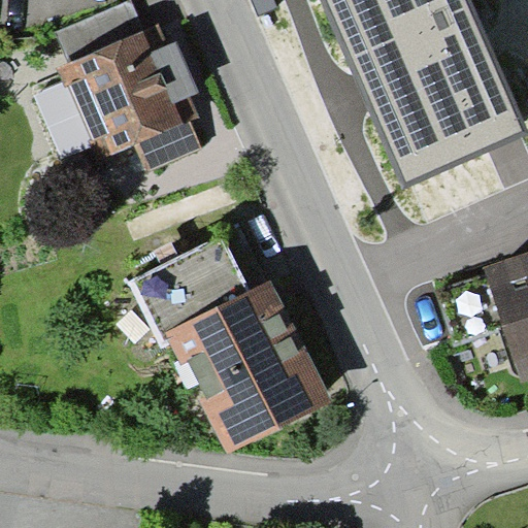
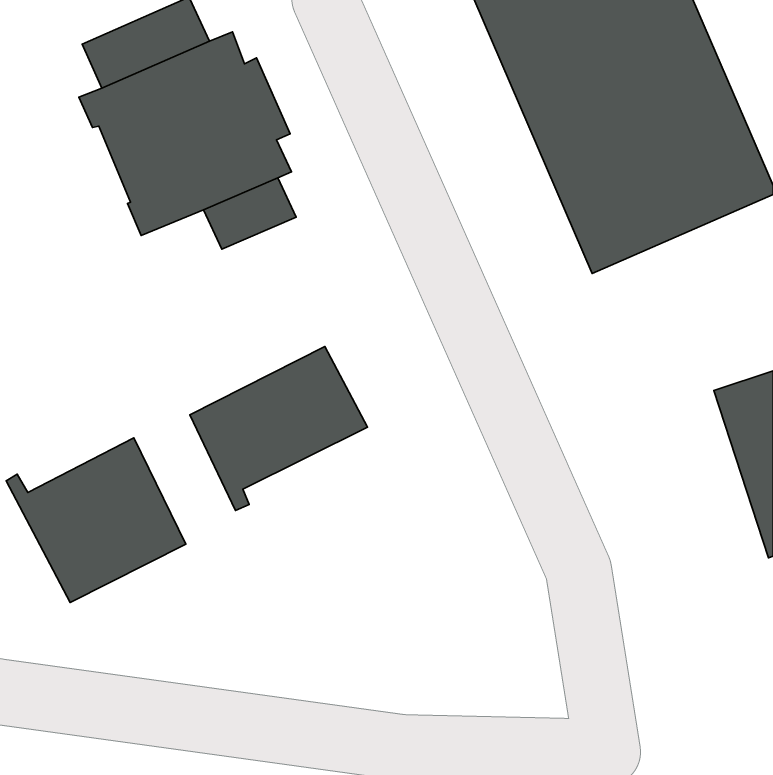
building: [165,279,330,452] -> none
building: none -> [6,438,186,603]

